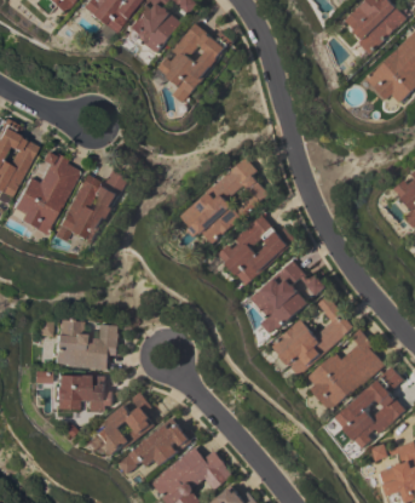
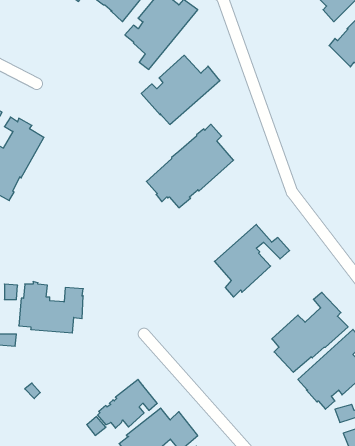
building: [51,171,128,246] -> none
building: [218,216,298,286] -> [141,55,220,124]
building: [271,296,353,377] -> none
building: [53,376,113,412] -> none
building: [92,394,156,458] -> none

